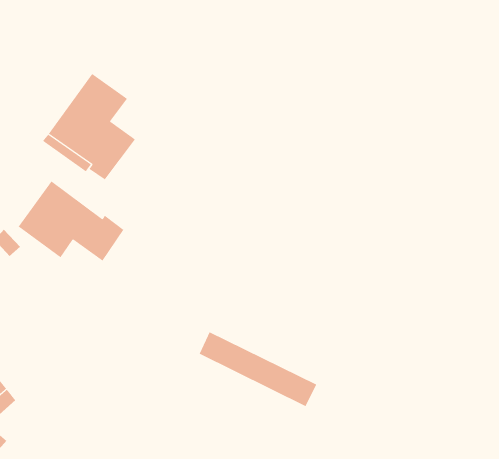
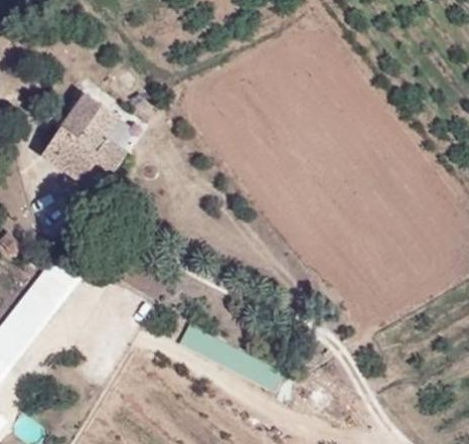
building: [18,180,124,262] -> none

